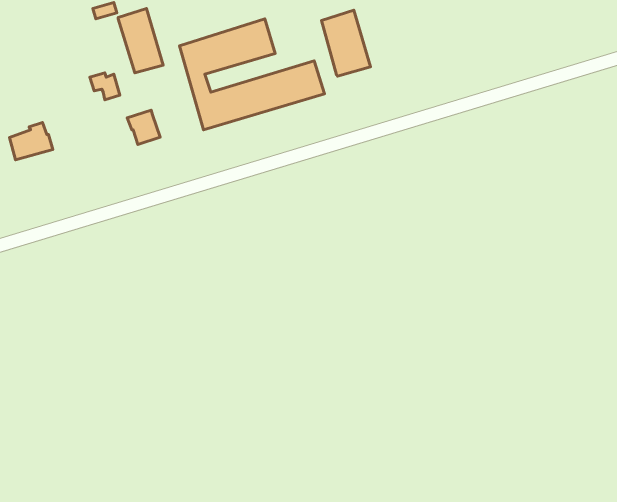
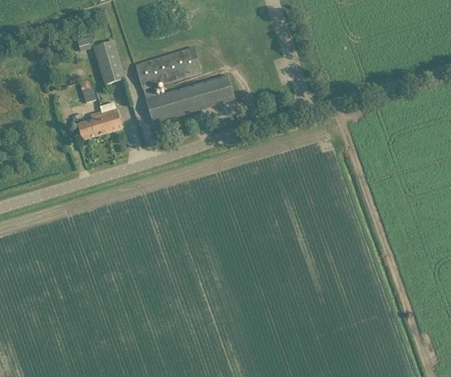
building: [321,10,371,76] -> none
building: [10,122,53,160] -> [77,113,106,139]

